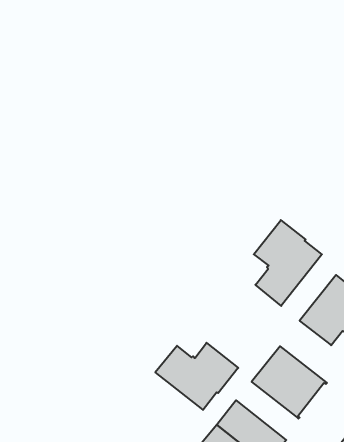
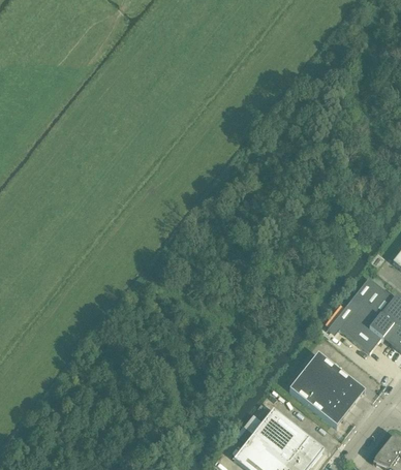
building: [254,220,322,306] -> none
building: [155,343,238,410] -> none

